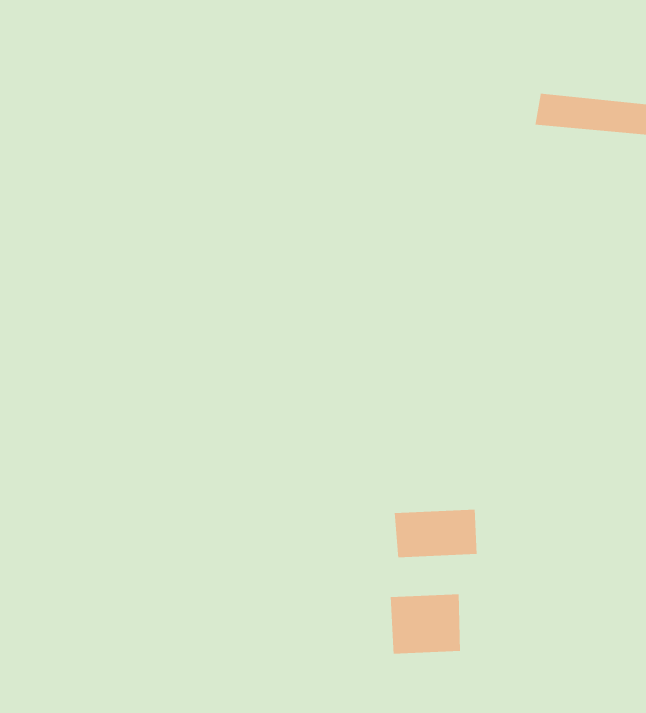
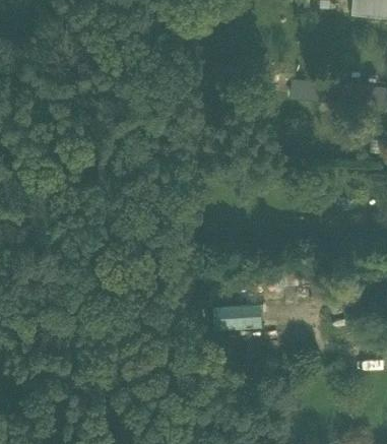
building: [390,593,461,654] -> none

